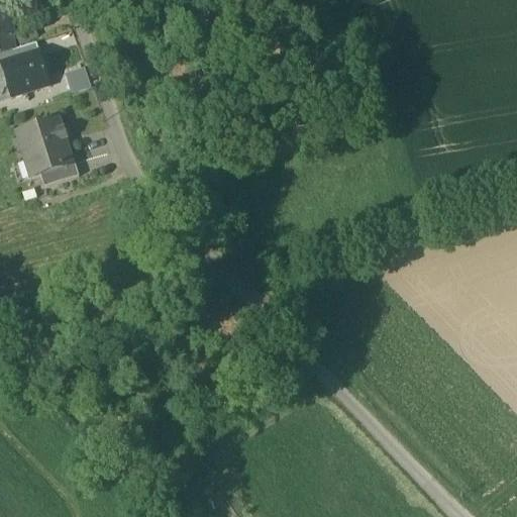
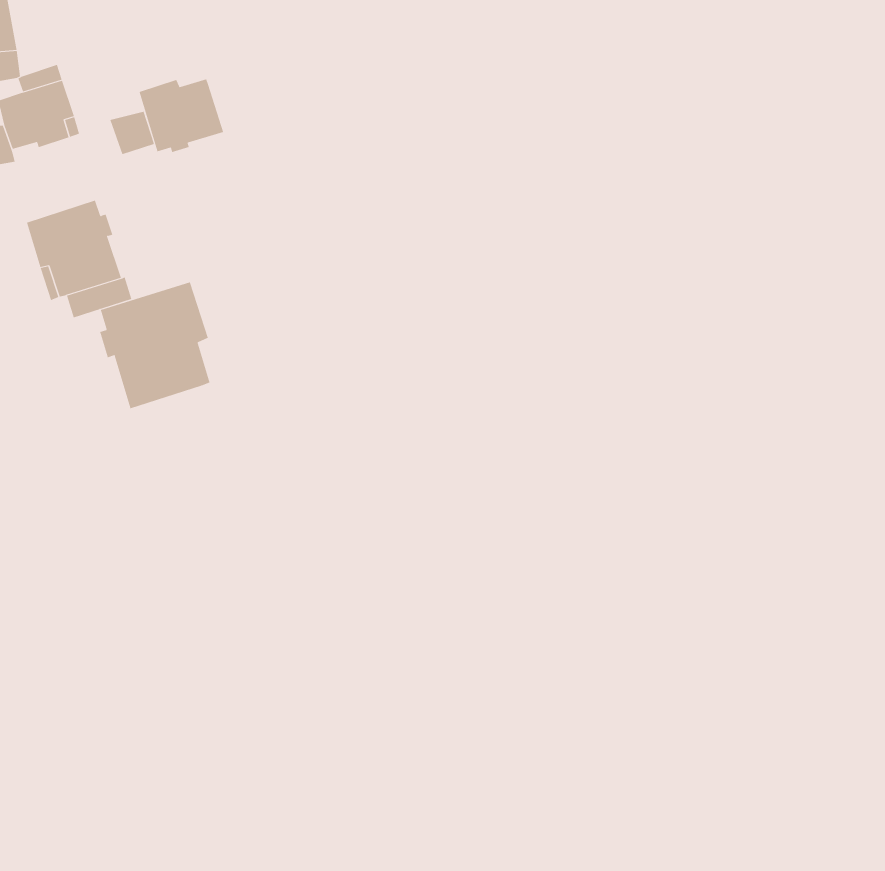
building: none -> [139,78,224,153]
building: none -> [99,281,210,409]

